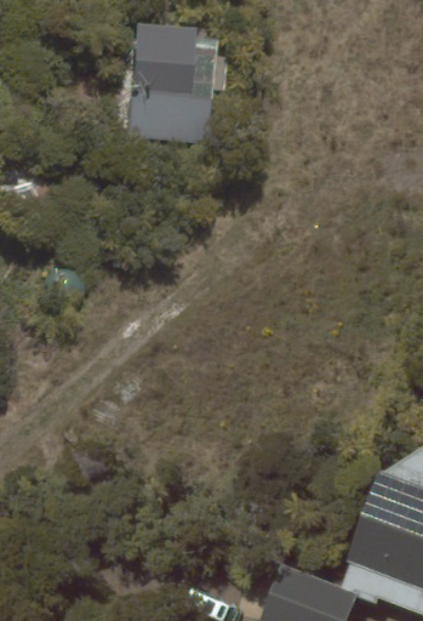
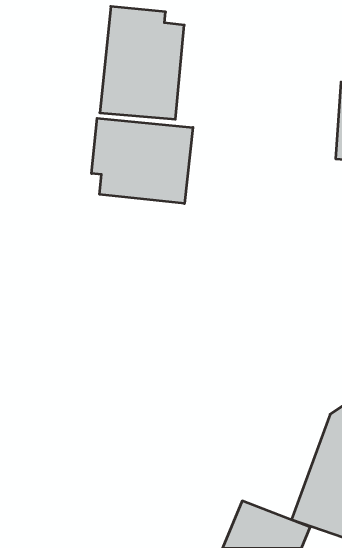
building: none -> [92,118,193,204]

